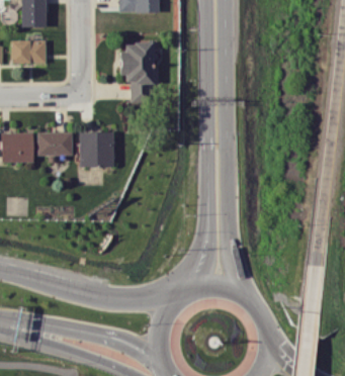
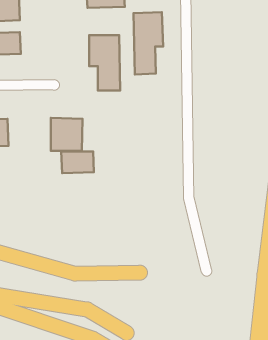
building: none -> [134,12,163,74]
building: [37,132,73,156] -> [61,152,94,173]

